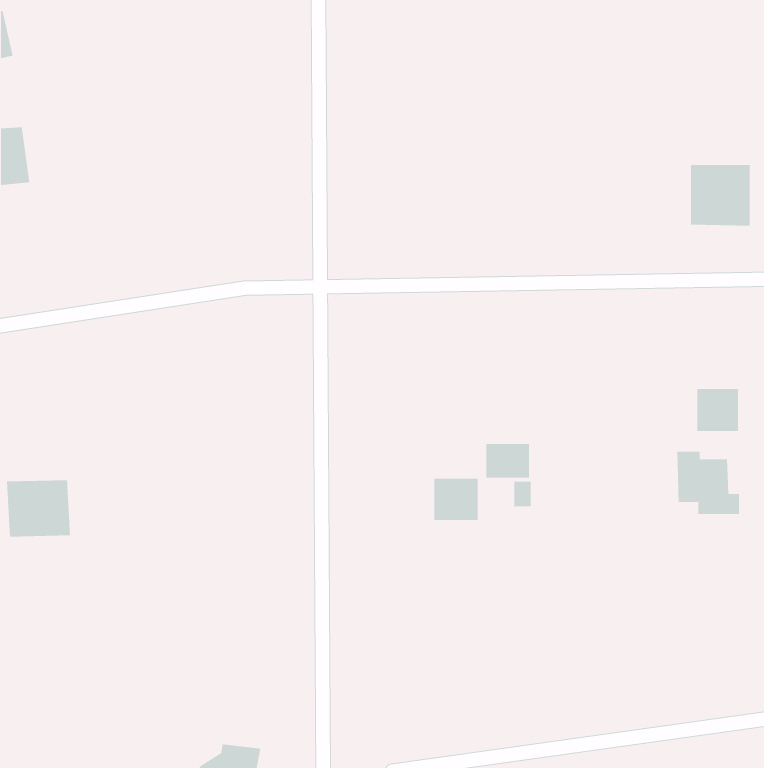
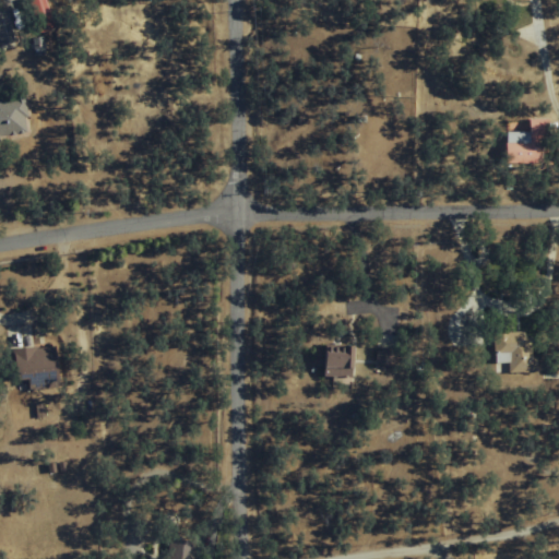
building: [697,388,739,432] -> none
building: [486,443,529,478] -> none

